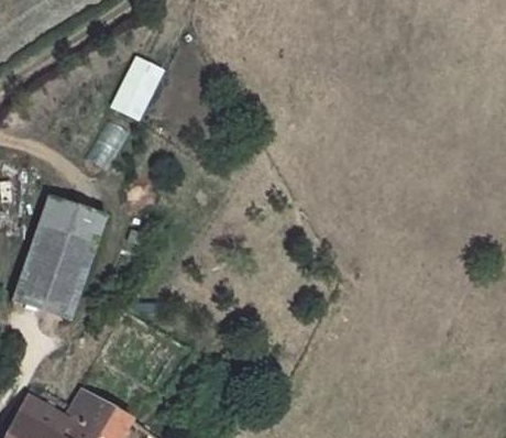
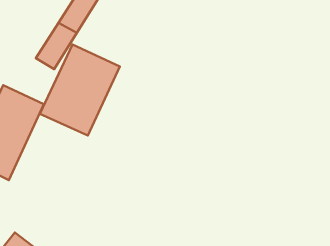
building: none -> [40,44,120,135]

